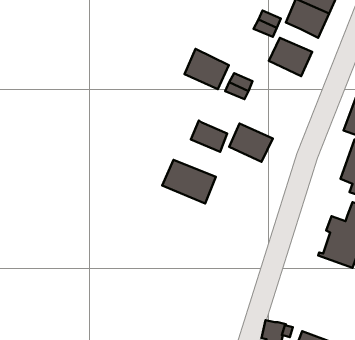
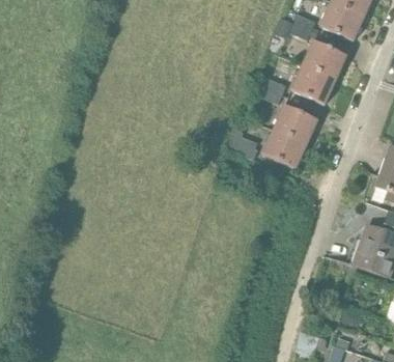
building: [184,49,229,89] -> [273,103,318,144]
building: none -> [291,64,336,104]
building: [162,160,216,203] -> none

